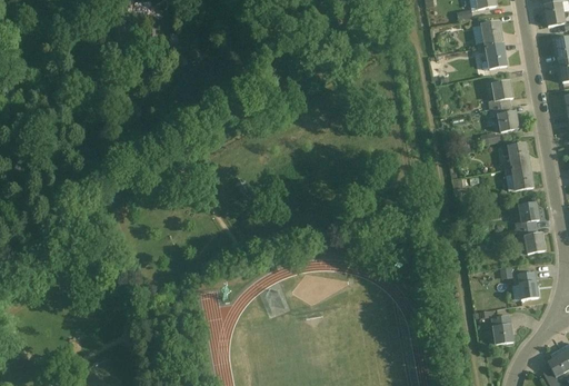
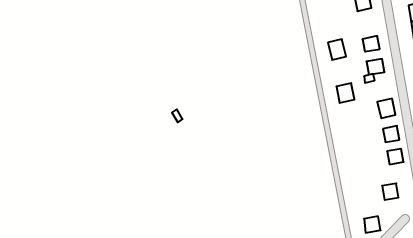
building: [482,41,507,69] -> [328,39,346,60]
building: [505,141,529,168] -> [336,83,354,103]

